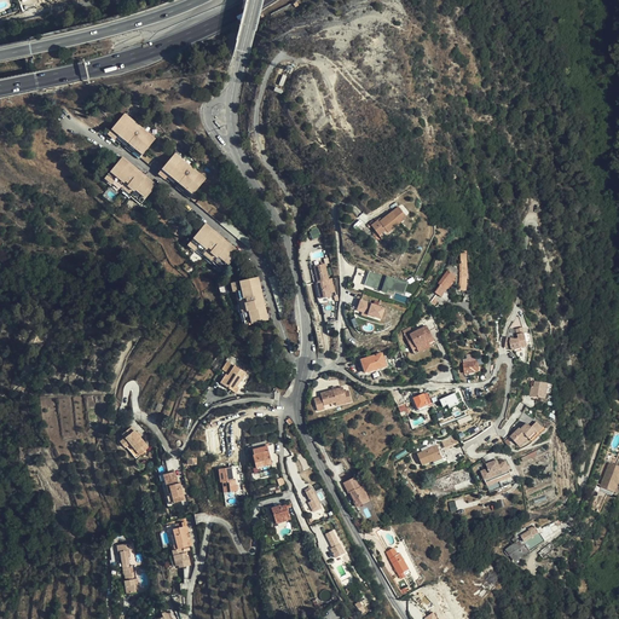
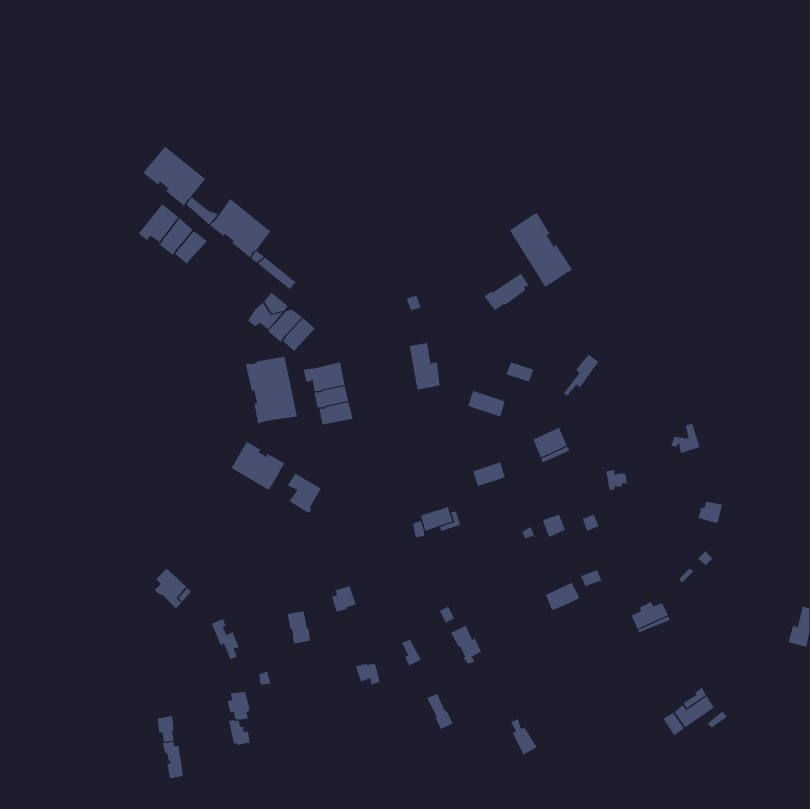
building: none -> [509,212,573,288]
building: none -> [245,356,297,424]
building: none -> [231,441,285,491]

